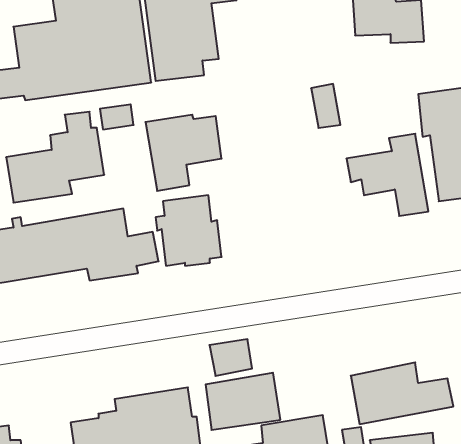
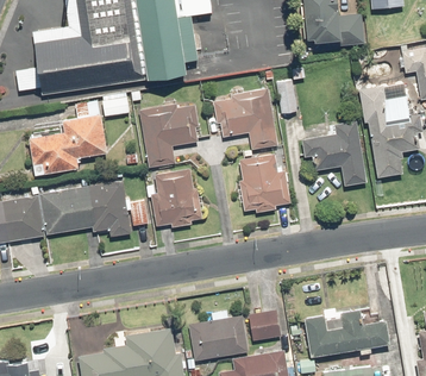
building: none -> [213,87,280,151]
building: none -> [239,153,293,214]
building: [209,339,252,376] -> [248,309,282,339]

